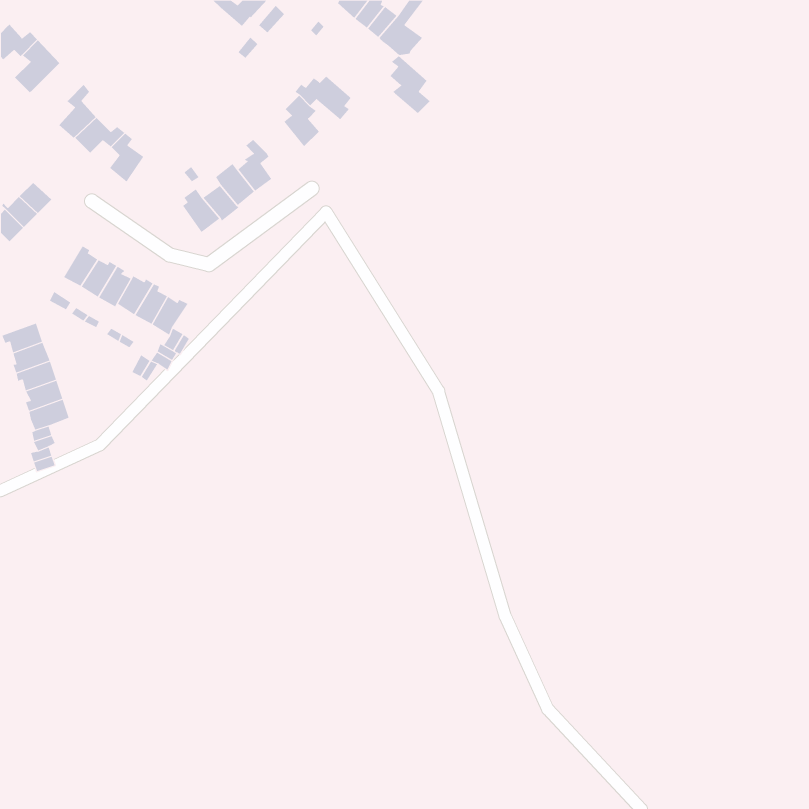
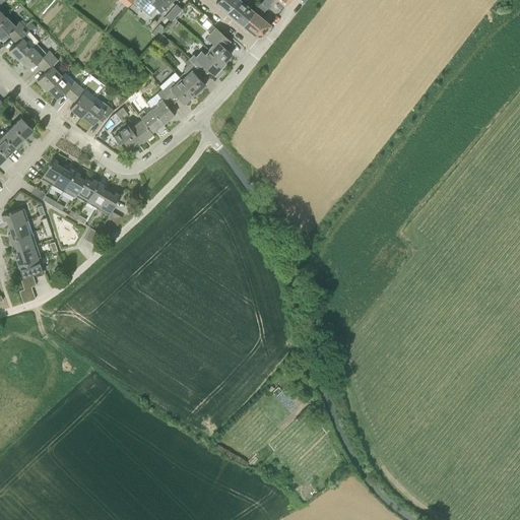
building: [389,55,431,114] -> [206,24,233,62]
building: none -> [20,43,54,69]
building: none -> [160,77,194,103]
building: none -> [82,96,114,124]

